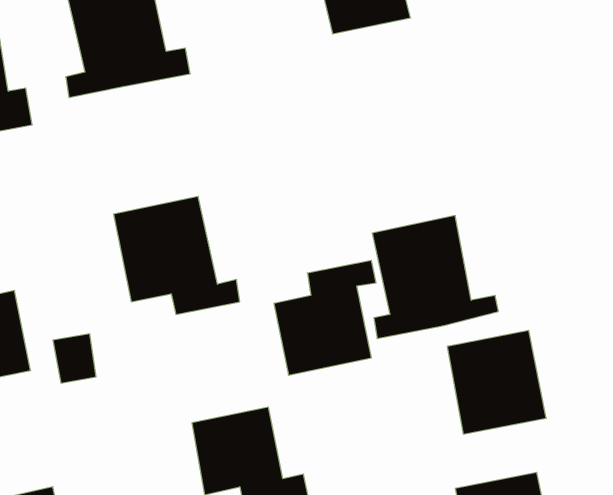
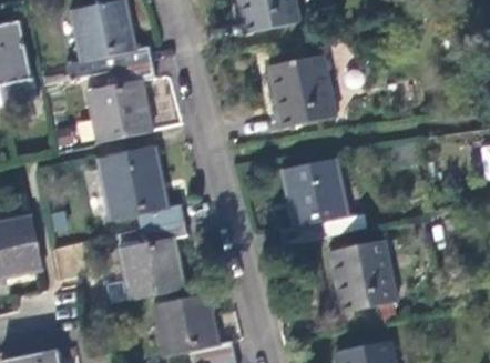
building: none -> [270,59,336,133]
building: none -> [84,62,155,141]
building: [274,260,376,375] -> [119,221,190,301]

